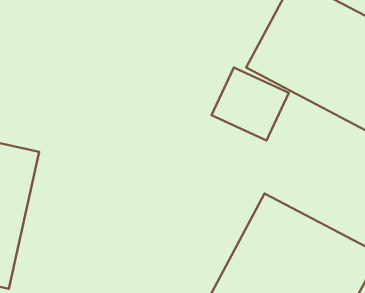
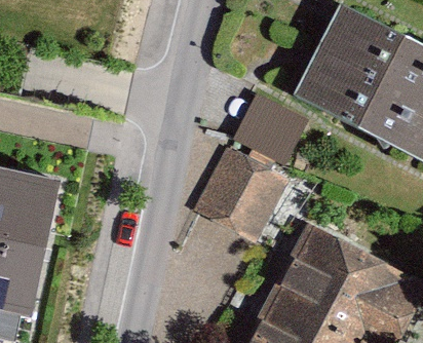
building: none -> [197,142,295,240]

